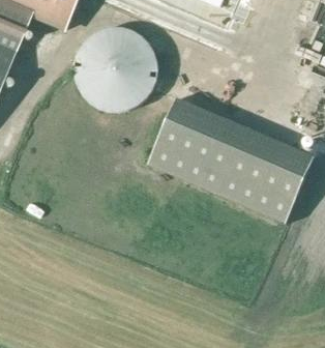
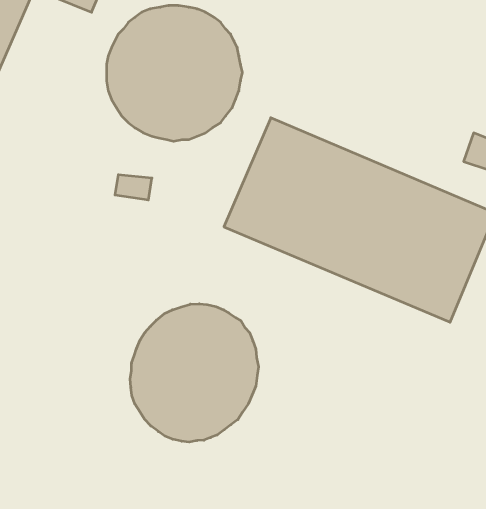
building: none -> [130,304,259,442]

